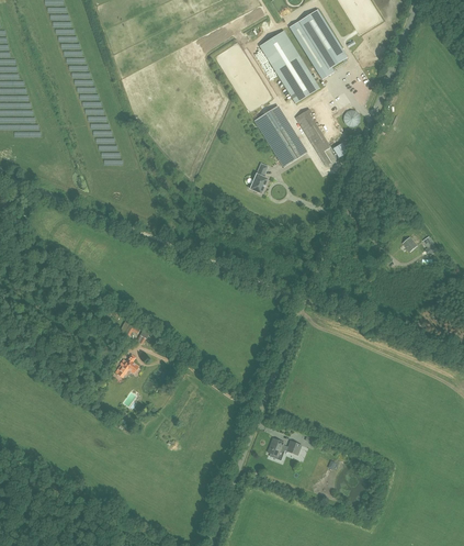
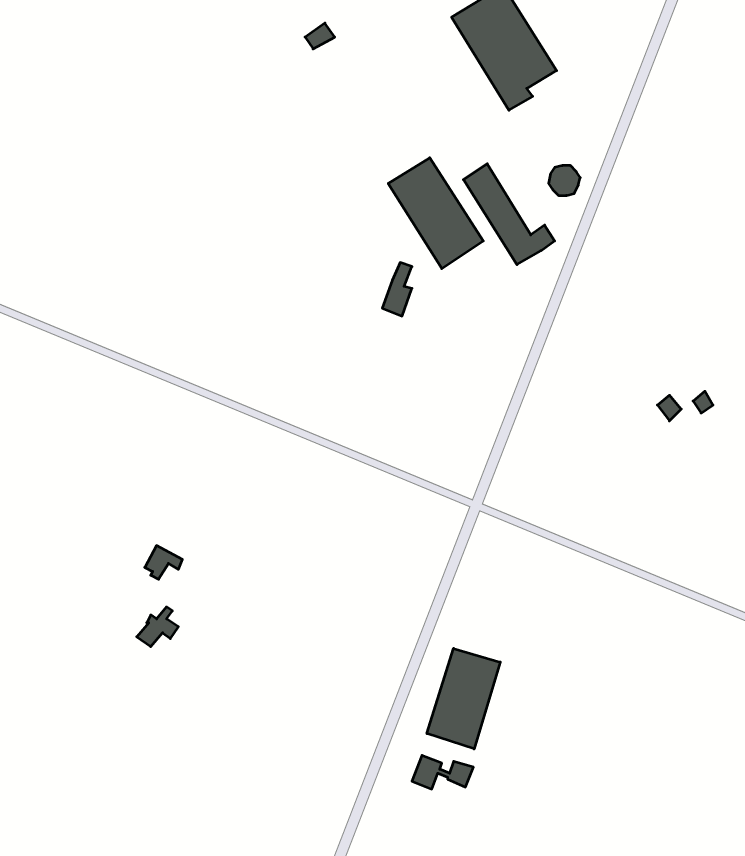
building: [259,31,318,103] -> none
building: none -> [427,648,500,749]

